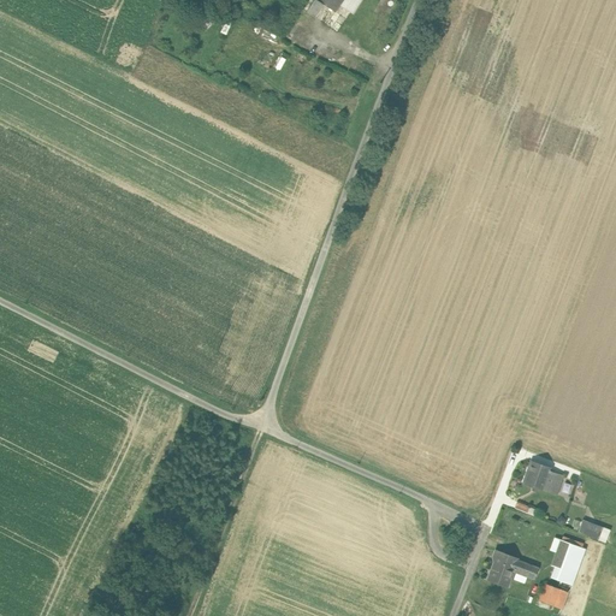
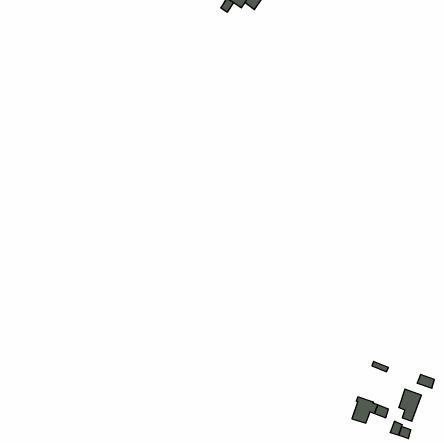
building: [522,460,563,493] -> none

